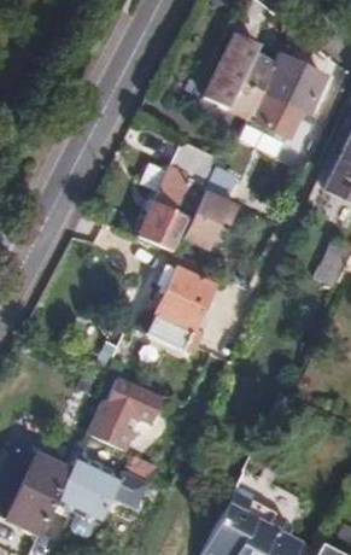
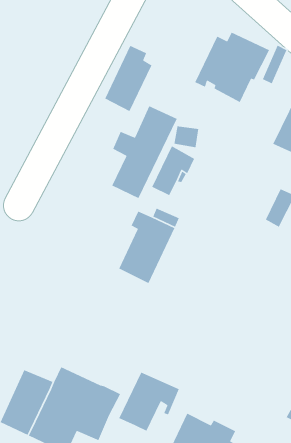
building: [205,34,262,113] -> [104,45,152,112]
building: [89,378,162,449] -> [118,372,180,432]

